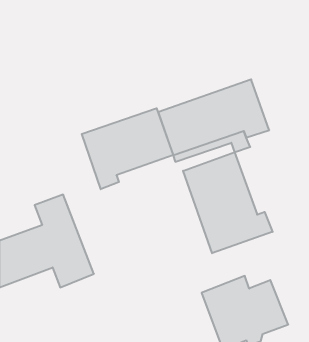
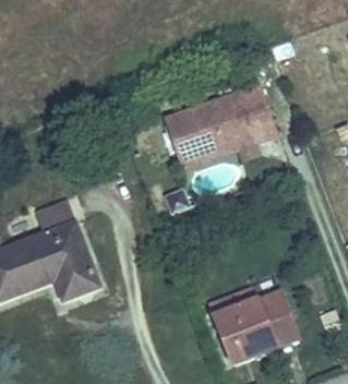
building: [82,108,173,189] -> none
building: [183,152,273,253] -> none

